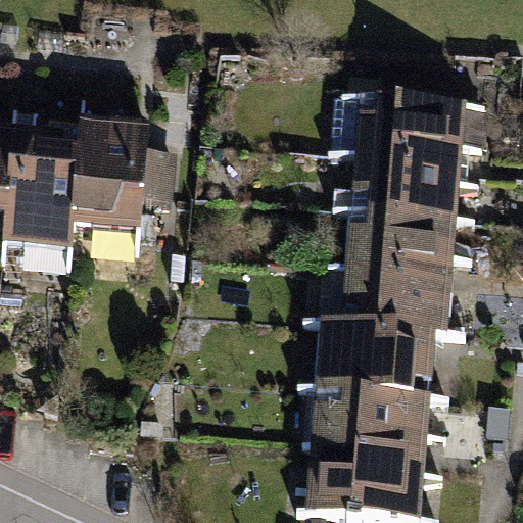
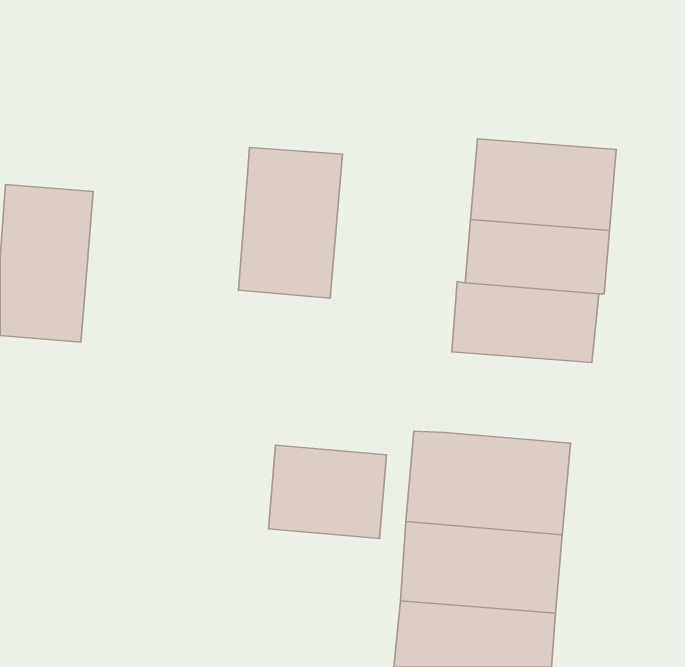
building: [66,128,145,242] -> [239,147,342,298]
building: [340,267,451,337] -> none
building: none -> [269,445,386,538]

